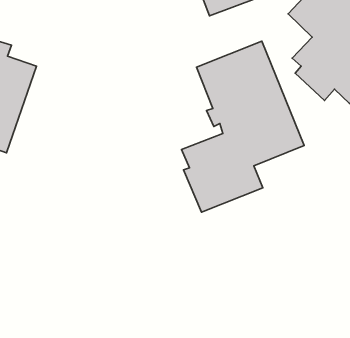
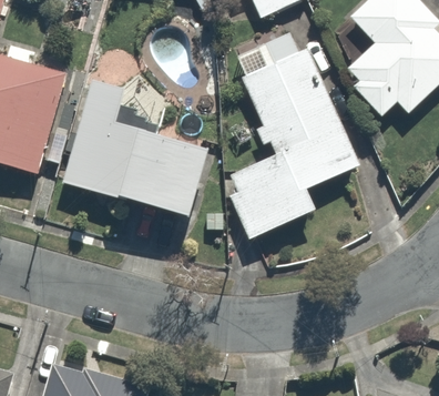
building: none -> [63,73,202,212]

